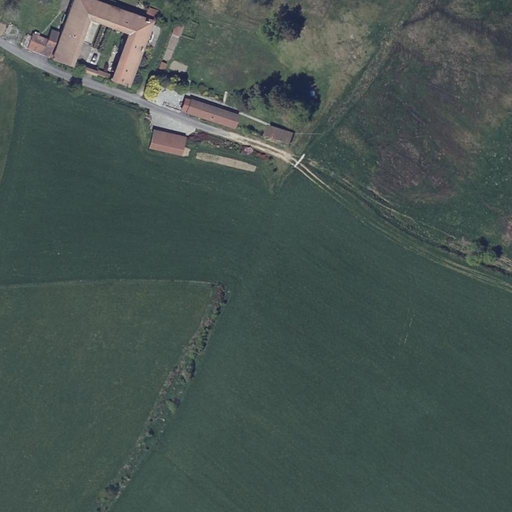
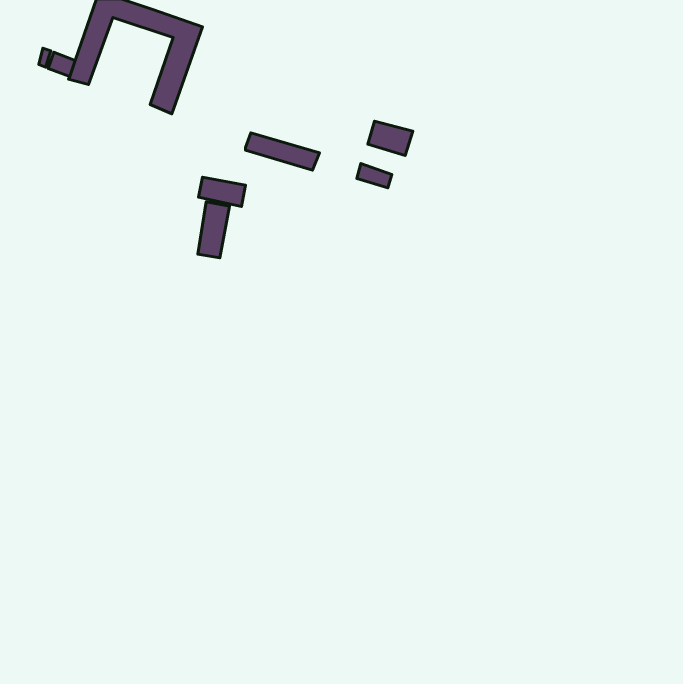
building: none -> [368,121,413,155]
building: none -> [198,202,230,258]

